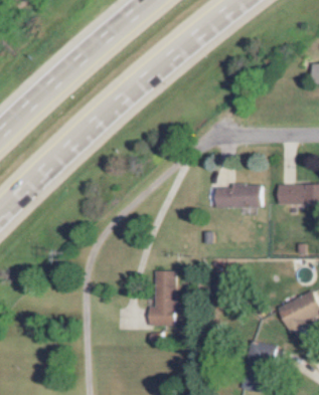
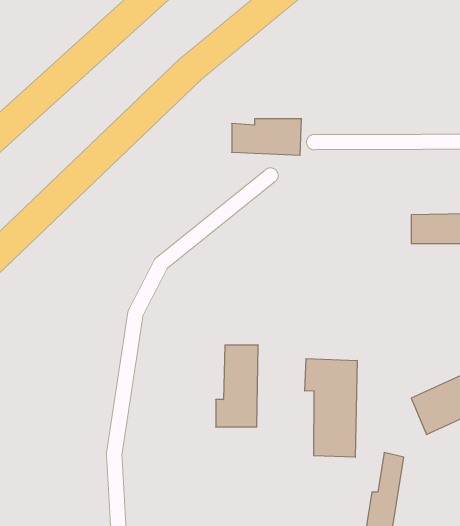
building: [217,184,264,208] -> [232,119,302,155]
building: none -> [305,359,357,457]

